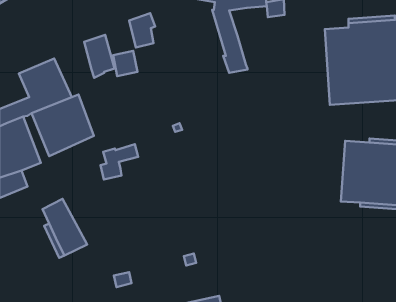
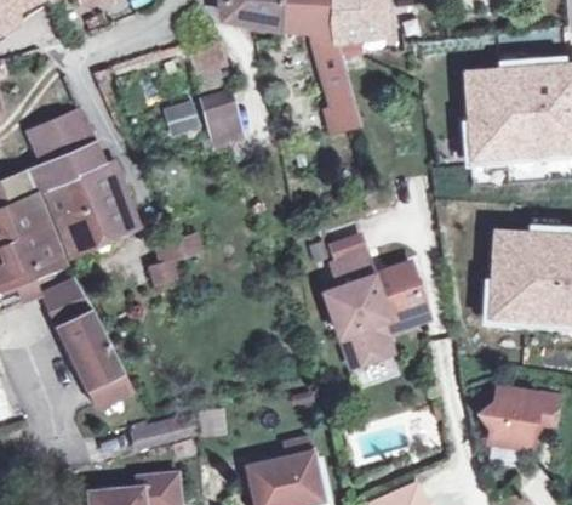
building: [84,35,114,78] -> [198,87,241,149]
building: none -> [321,252,425,368]
building: none -> [41,277,91,327]
building: none -> [480,390,561,453]

